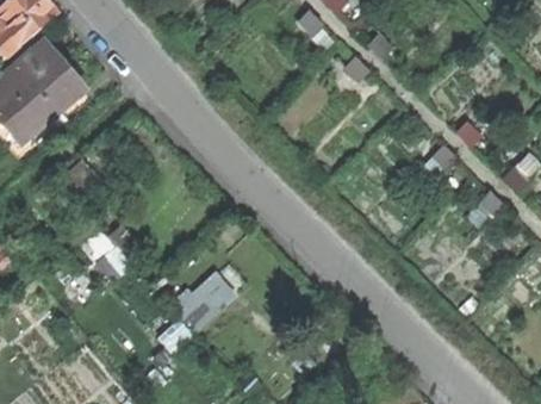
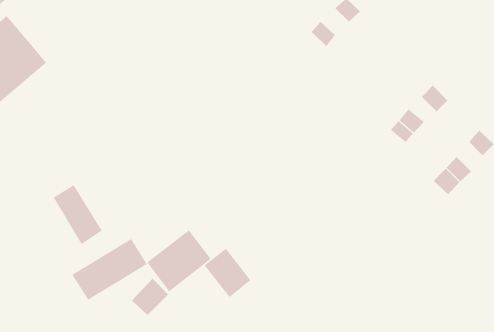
building: none -> [72,238,148,301]
building: none -> [204,248,251,298]

